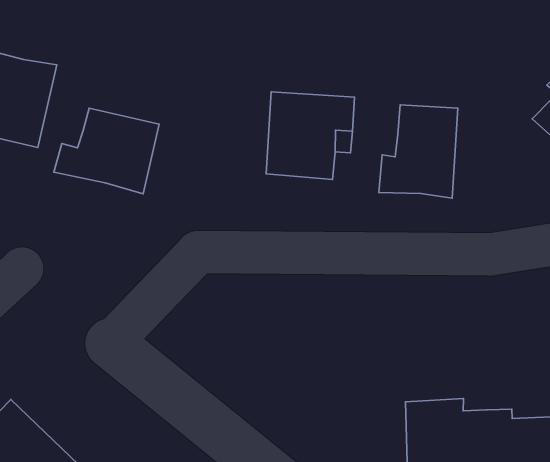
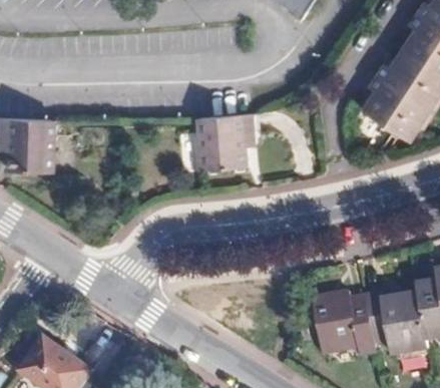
building: [379,105,458,198] -> none
building: [54,108,159,194] -> none

